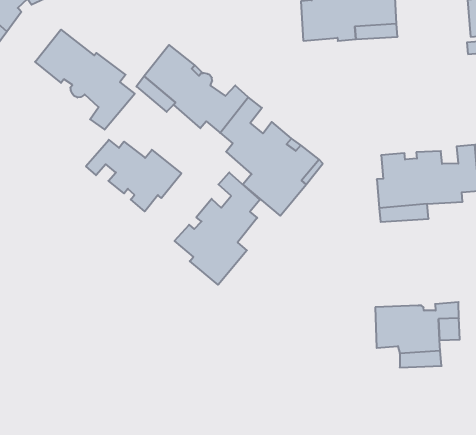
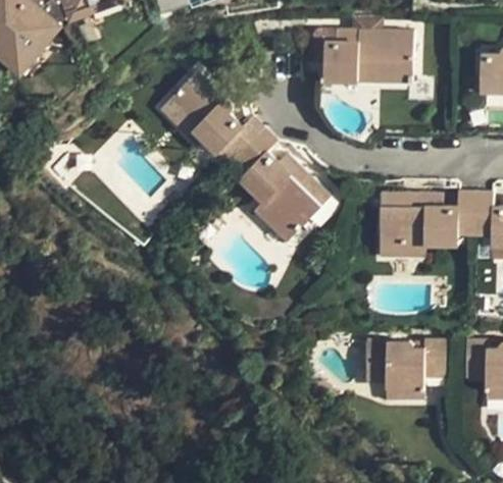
building: [35,30,135,130] -> none
building: [86,140,181,211] -> none
building: [175,172,260,285] -> none

